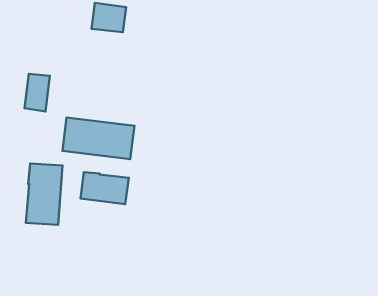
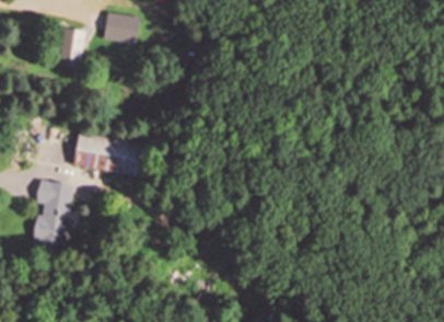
building: [25,74,50,111] -> [58,27,84,67]
building: [80,172,129,204] -> none

